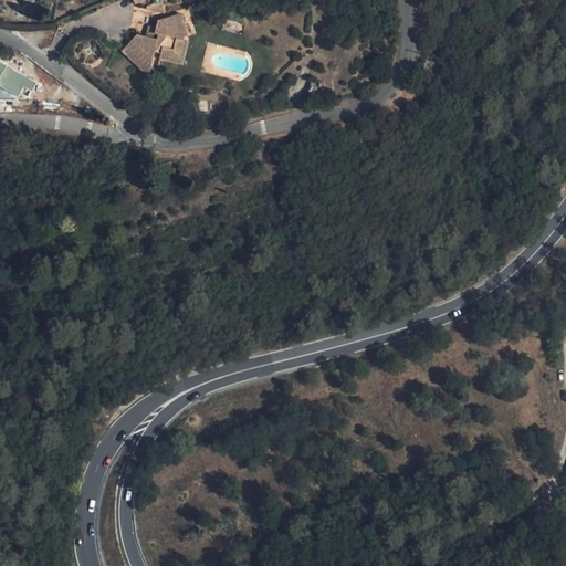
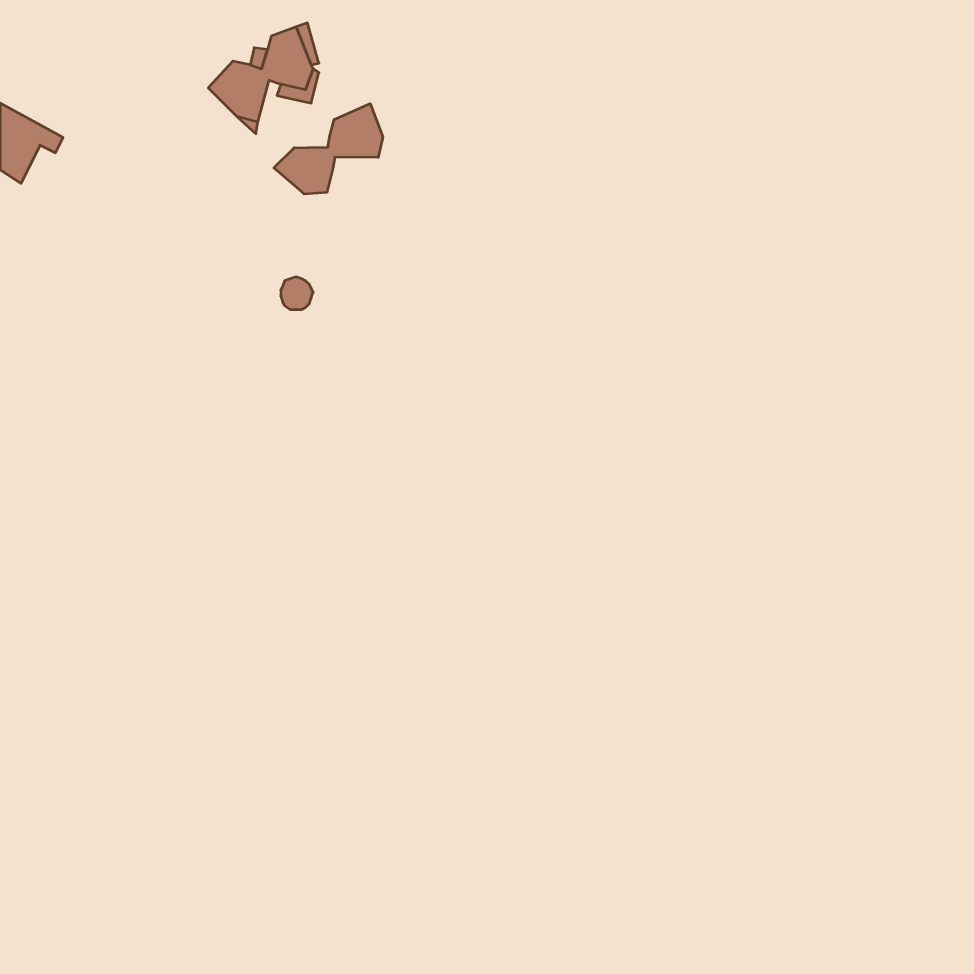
building: none -> [274,104,383,194]

